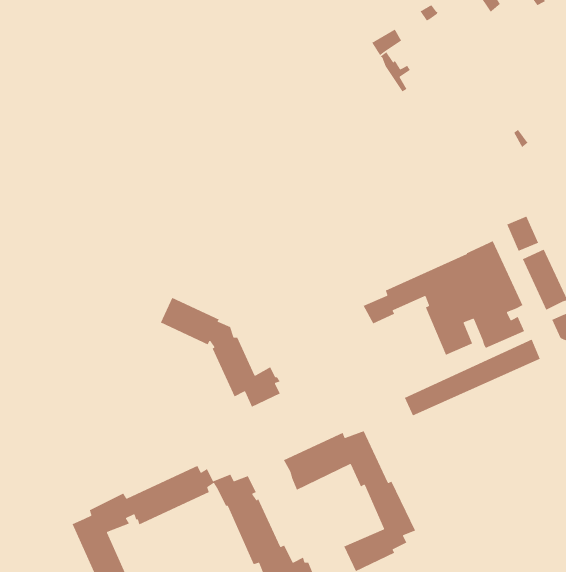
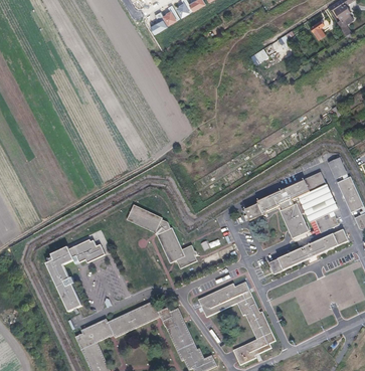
building: none -> [45,239,105,312]

